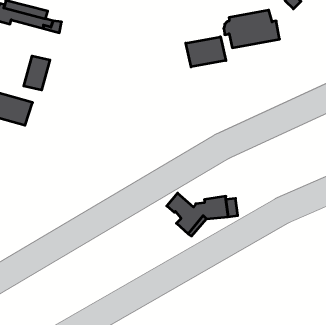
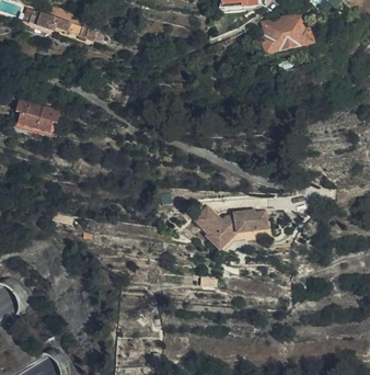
building: [186,37,226,67] -> none
building: [24,56,50,90] -> none

